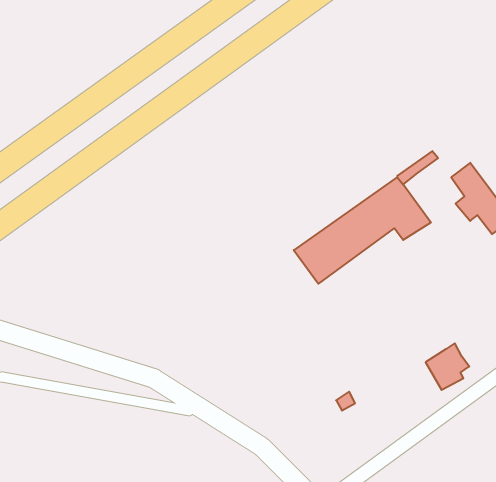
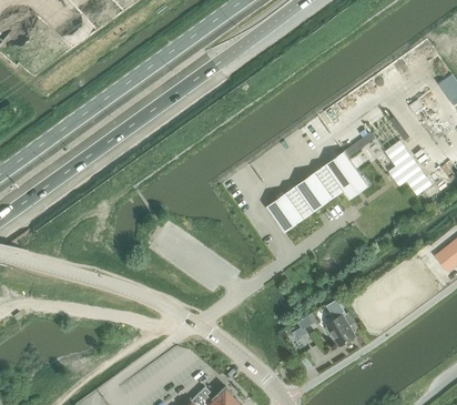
building: [426,343,469,390] -> [326,311,359,346]

